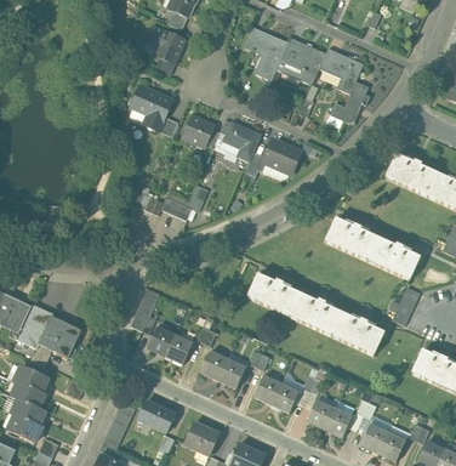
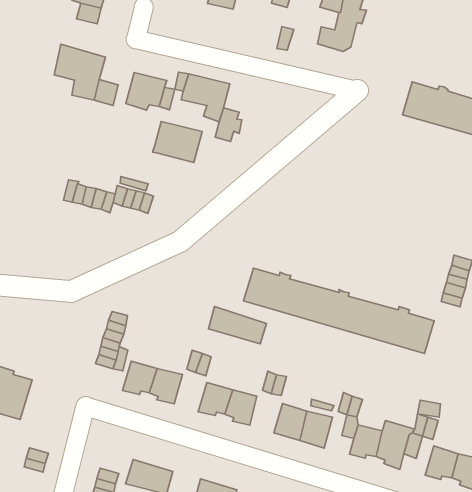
building: [262,138,301,172] -> [153,121,202,162]
building: [325,217,420,279] -> none
building: none -> [209,306,266,344]

